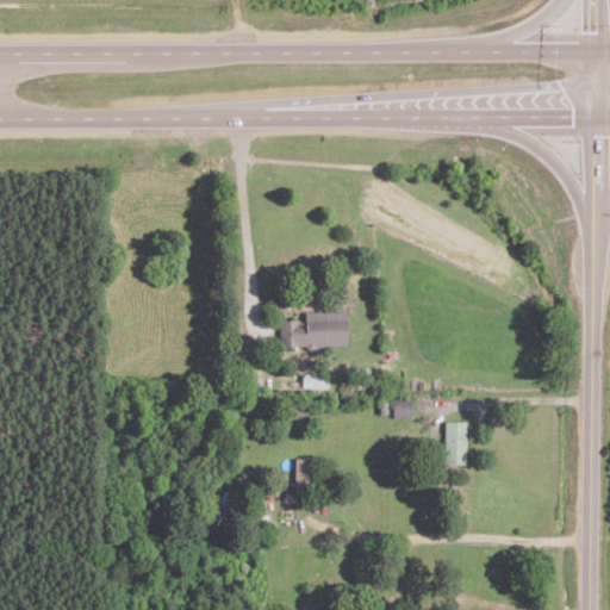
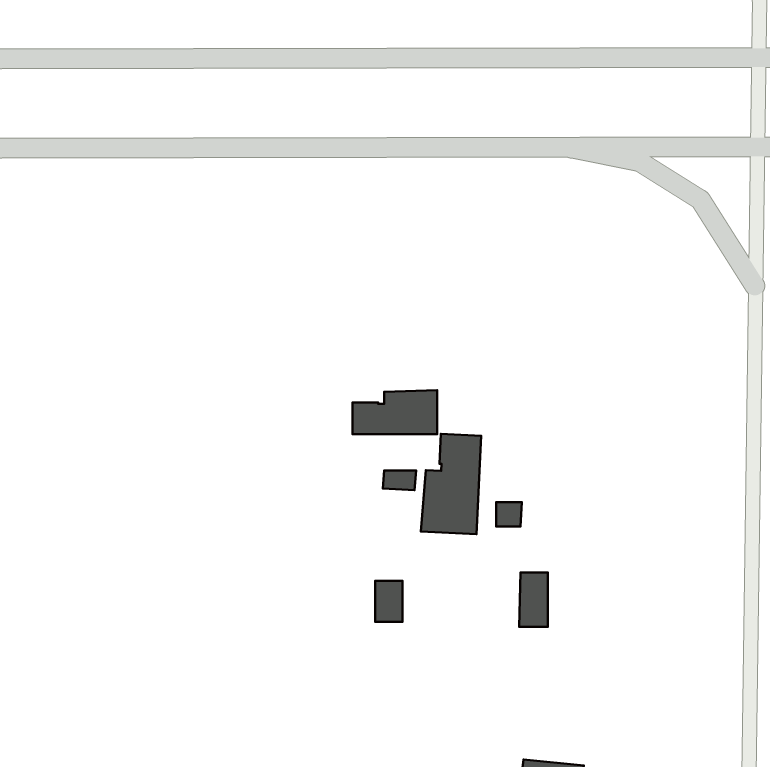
building: none -> [421,434,481,534]
building: [444,423,467,466] -> [519,572,548,627]

